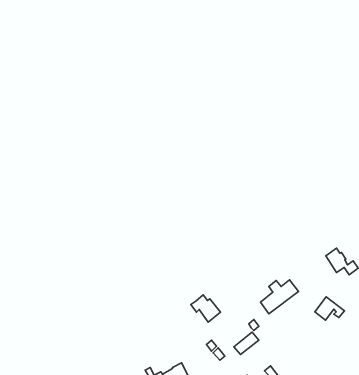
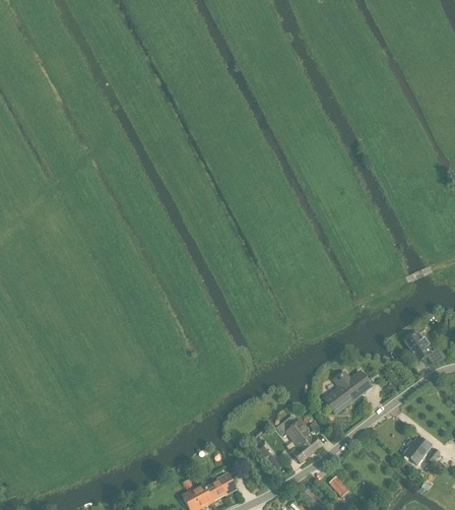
building: [191,295,221,322] -> [276,415,313,448]
building: [315,297,345,320] -> [403,436,440,464]

